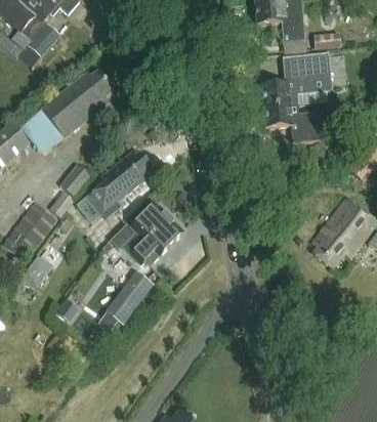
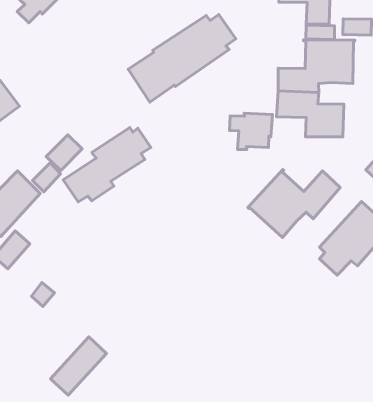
building: [20,69,115,154] -> [128,14,236,102]
building: none -> [230,113,273,150]
building: none -> [248,169,340,237]
building: [121,202,184,265] -> none
building: [107,269,155,324] -> [50,337,106,395]

